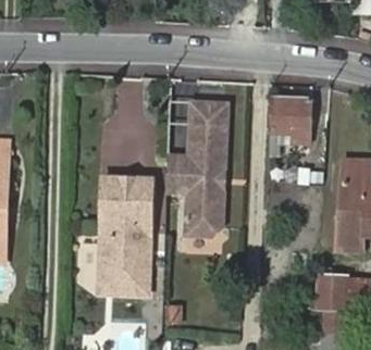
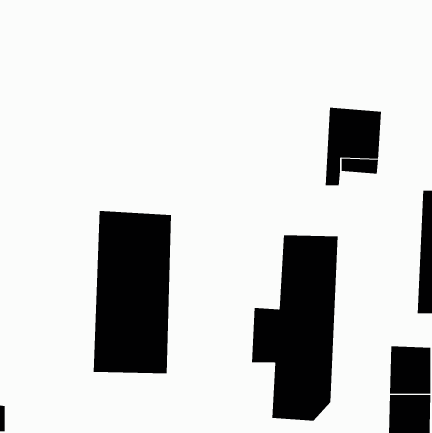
building: [164,100,230,239] -> [251,235,339,421]

